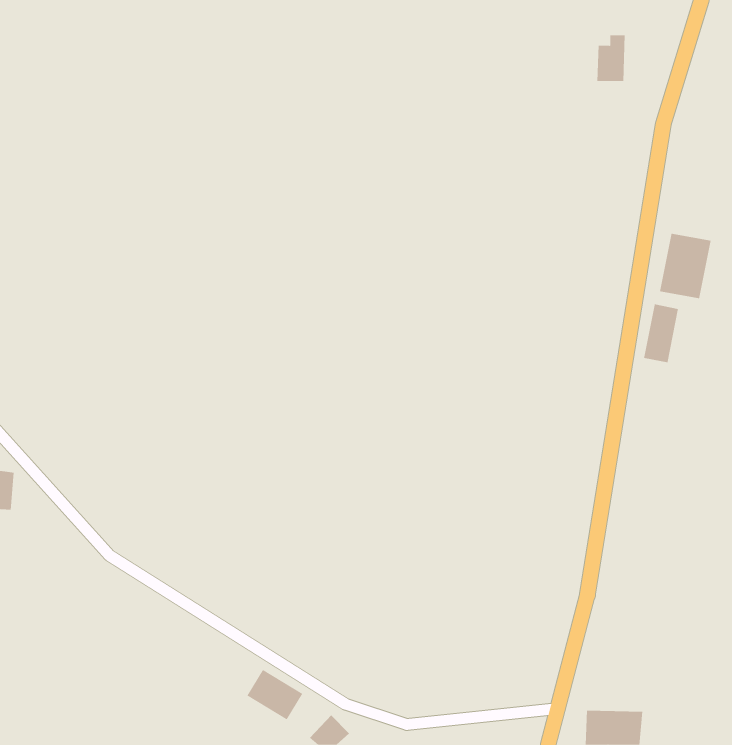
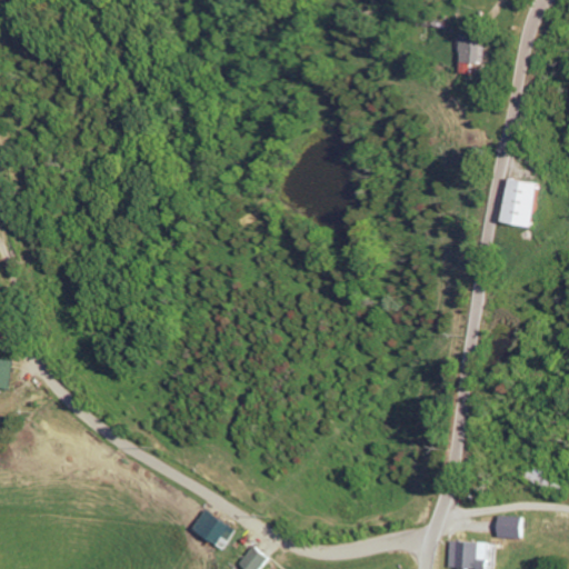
building: [643,304,679,363] -> none
building: none -> [495,516,520,538]

